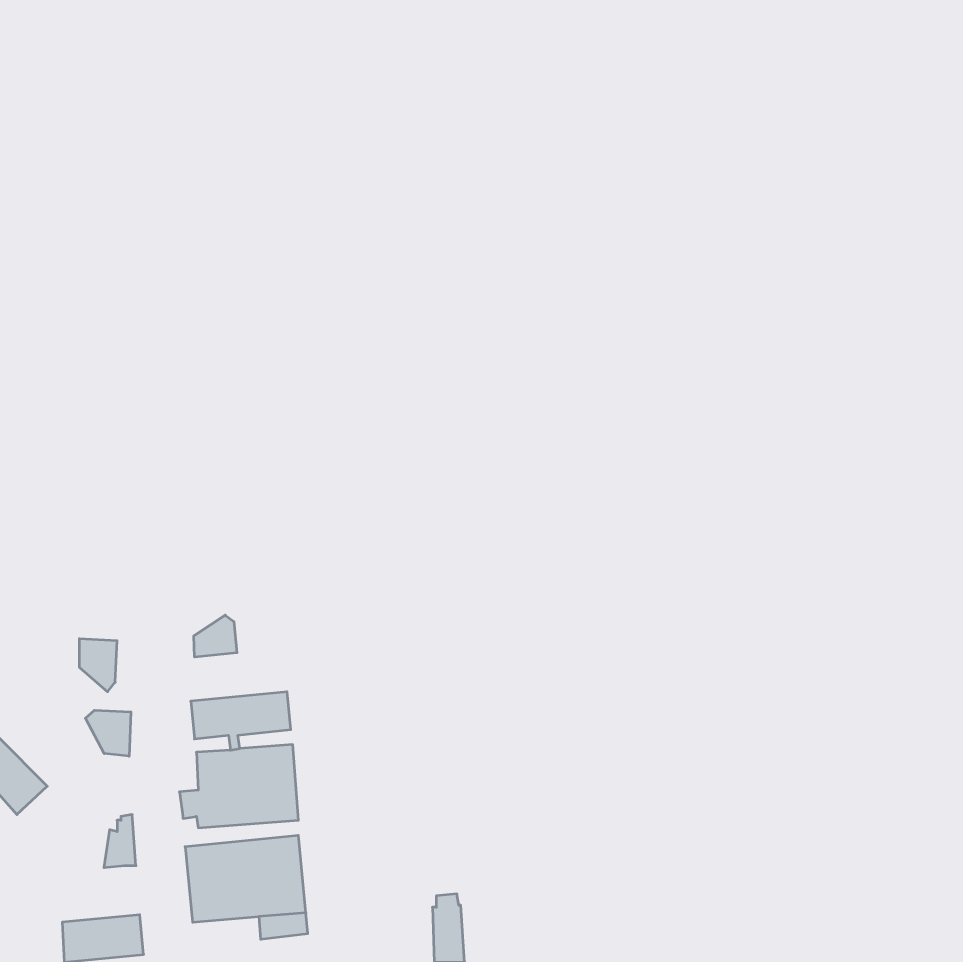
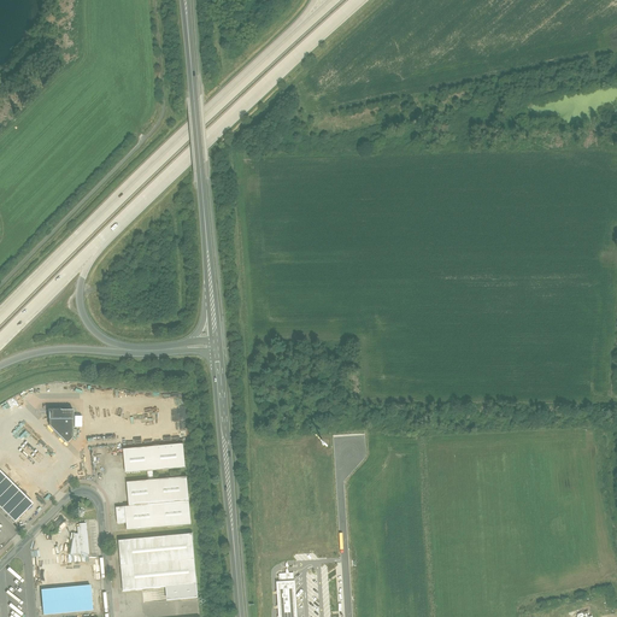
building: [194,615,237,657] -> none
building: [85,710,131,756] -> none

